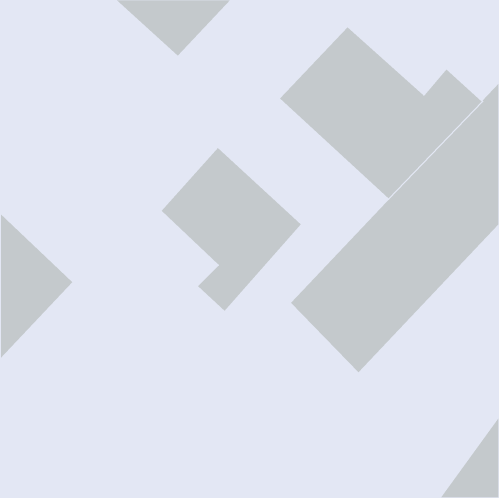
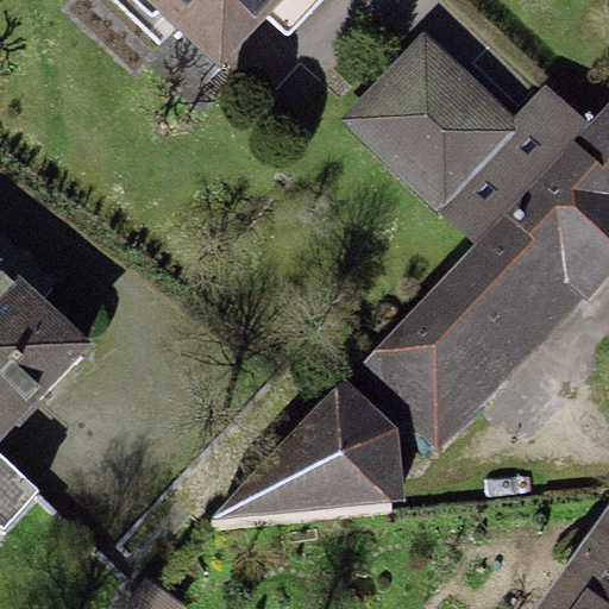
building: [161,147,302,312] -> none
building: none -> [214,378,407,517]

